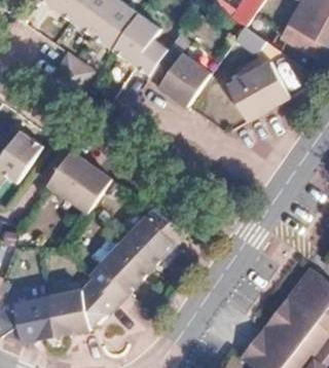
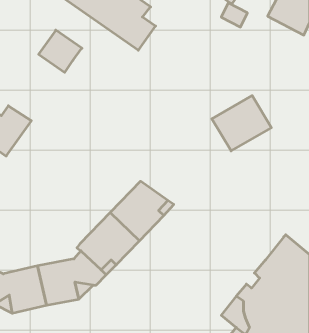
building: [148,45,212,107] -> none
building: [230,64,291,120] -> [212,96,271,151]
building: [48,151,111,213] -> none

